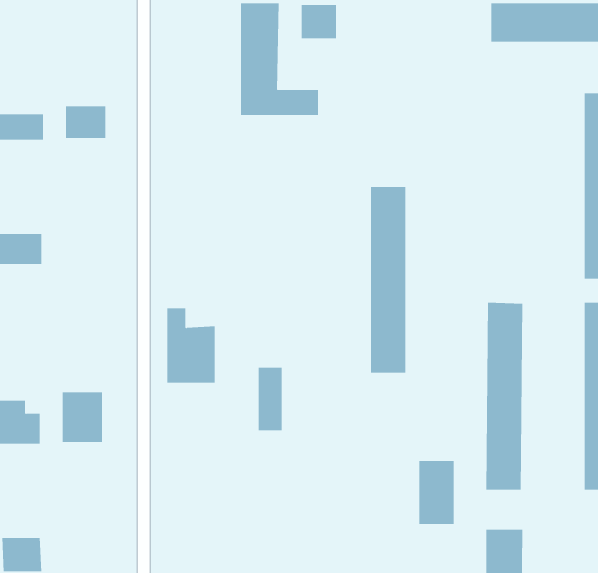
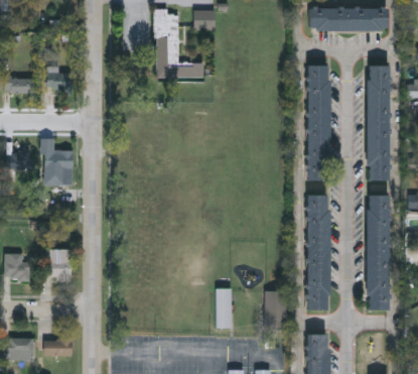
building: [370,187,406,373] -> [307,65,329,179]
building: [167,308,216,383] -> [42,139,73,185]
building: [258,367,282,431] -> [217,289,232,329]
building: none -> [43,339,72,356]

